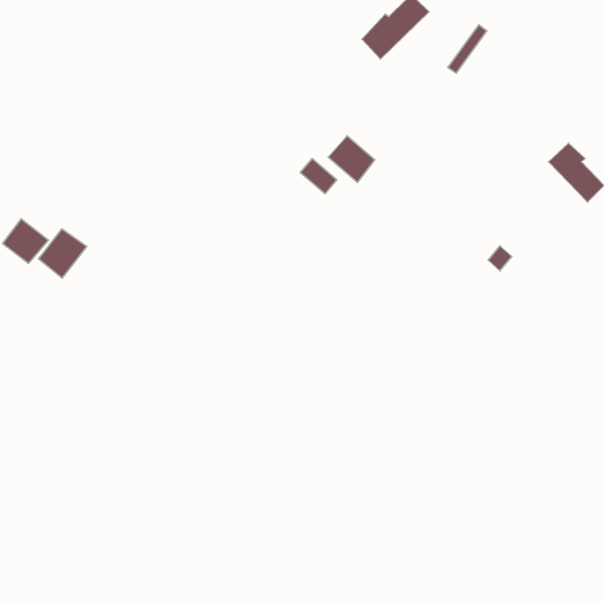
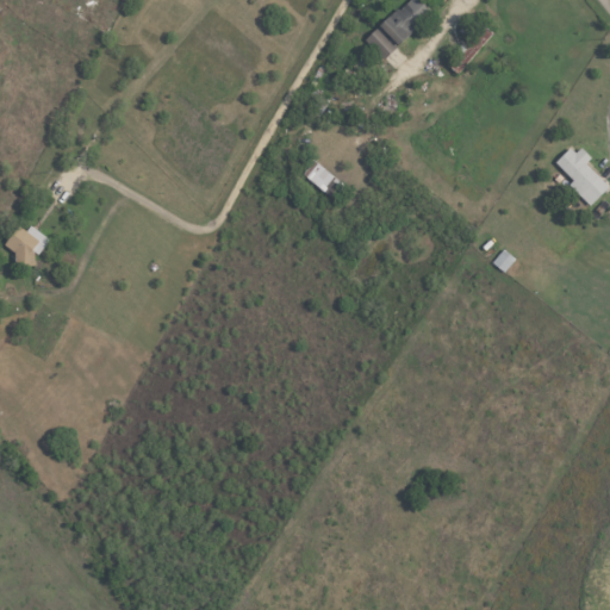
building: [328,136,375,182] -> none
building: [38,229,87,278] -> none

